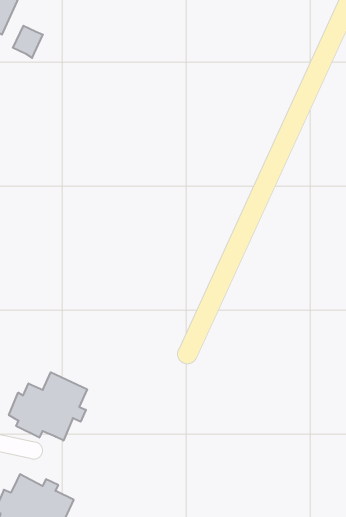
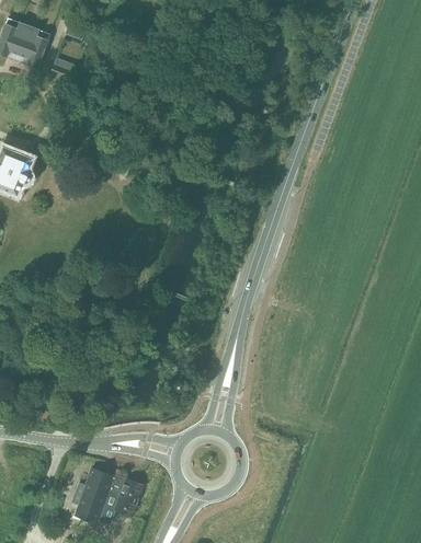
building: [9,372,87,441] -> none

